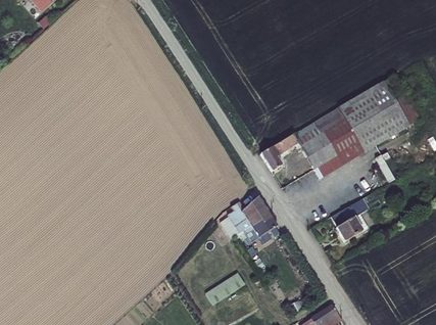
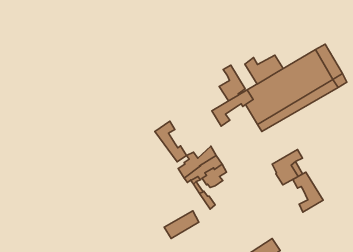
building: none -> [245,55,283,84]
building: none -> [219,65,245,101]
building: none -> [155,121,187,162]
building: none -> [293,172,323,212]

